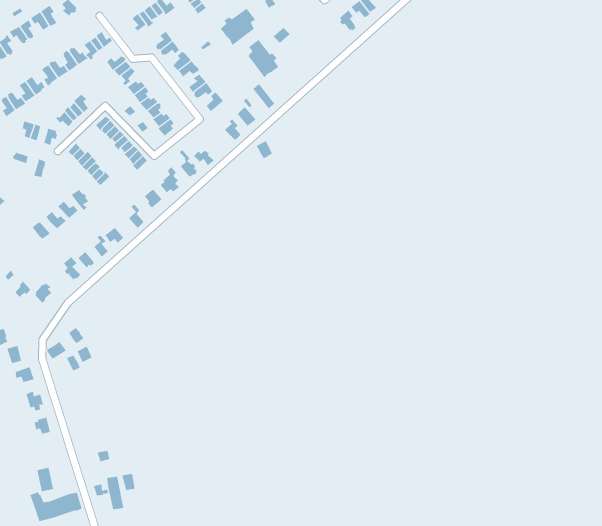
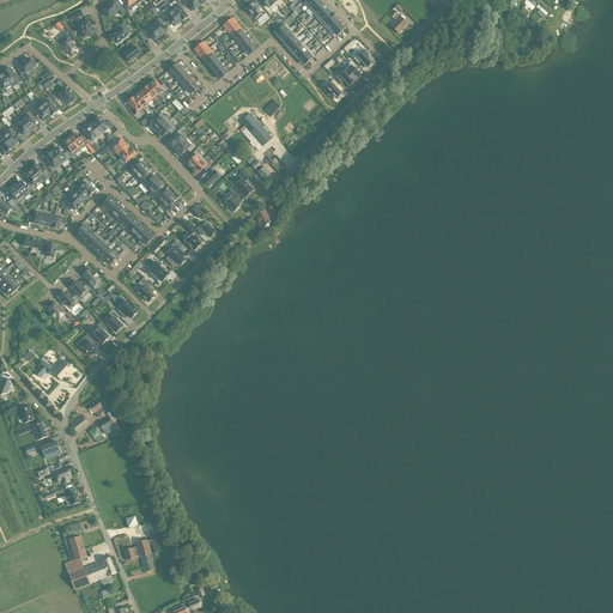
building: [220,8,256,46] -> none

